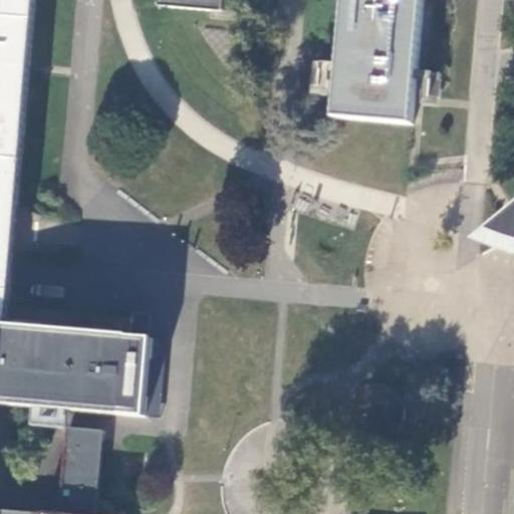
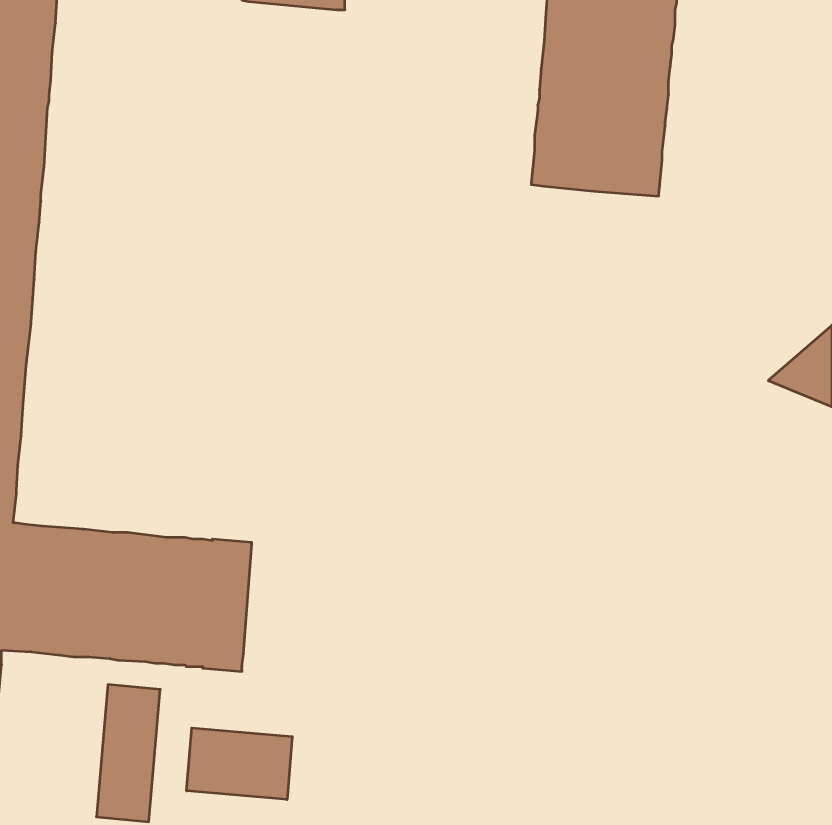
building: none -> [187,728,292,800]

